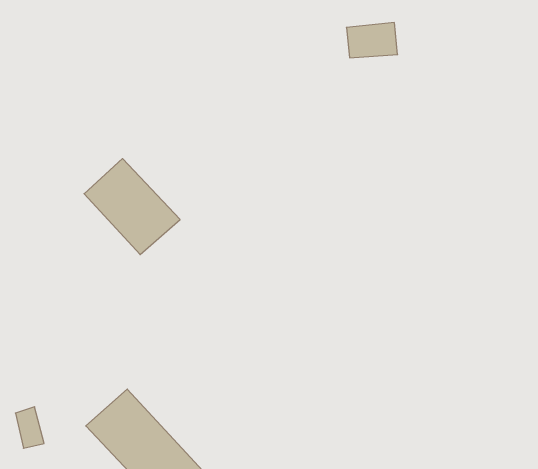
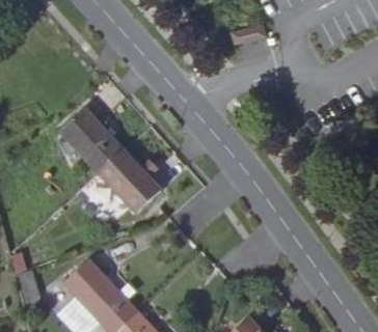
building: none -> [97,148,160,213]

